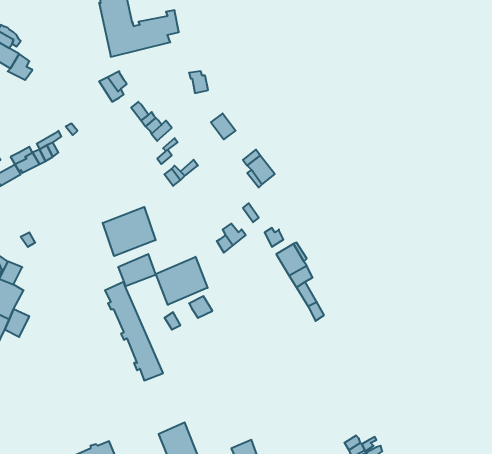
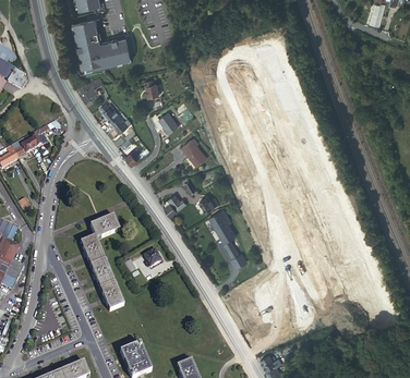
building: [103,207,156,256] -> none
building: [156,257,208,305] -> none

